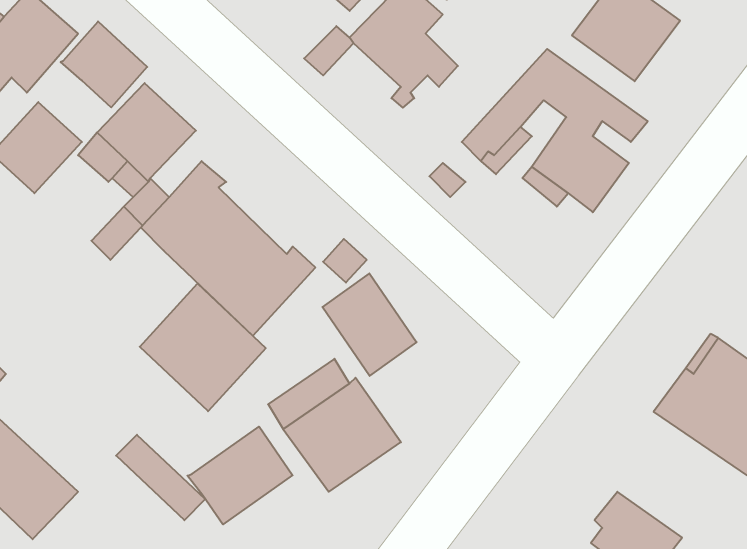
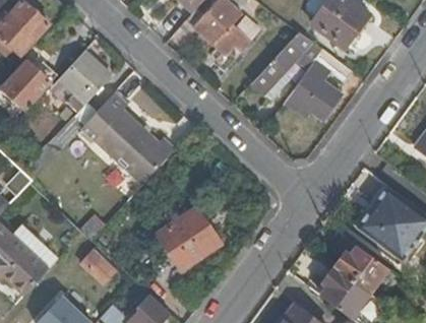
building: [61,21,147,107] -> none
building: [322,273,417,376] -> none
building: [140,284,266,411] -> none
building: [187,427,293,524] -> none
building: none -> [336,247,389,293]

